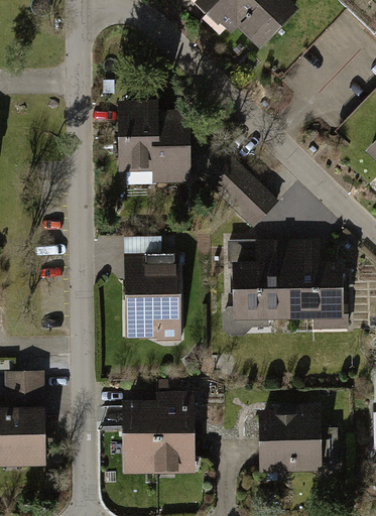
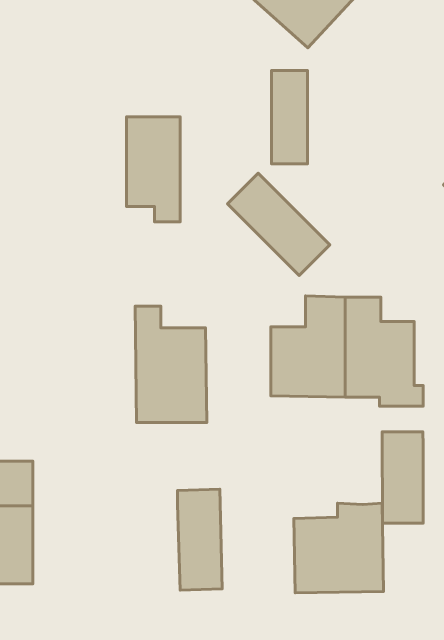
building: [159,109,187,182] -> [272,70,307,164]
building: none -> [382,432,423,523]
building: [122,405,159,474] -> none

